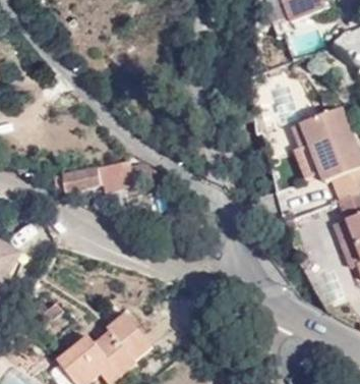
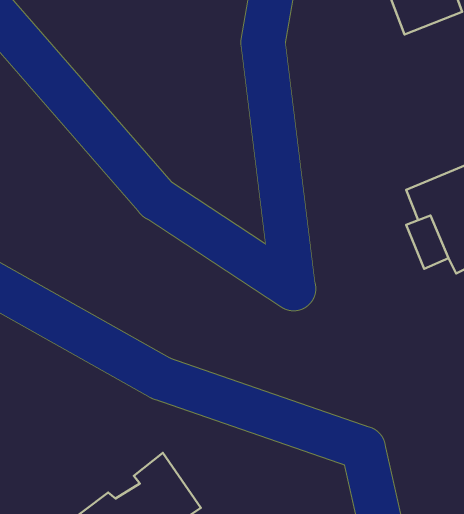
building: [63,161,132,195] -> none

